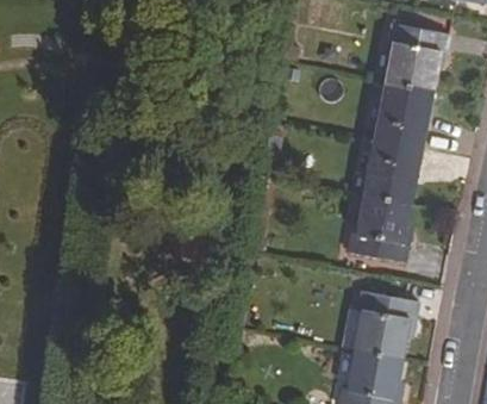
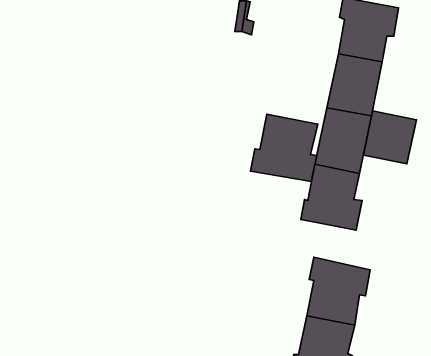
building: none -> [364,111,417,164]
building: none -> [251,114,318,181]

